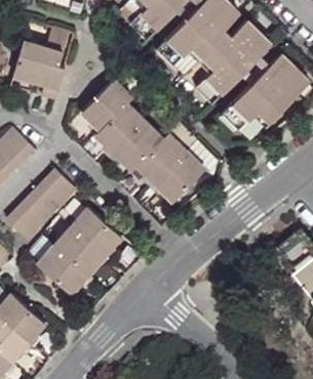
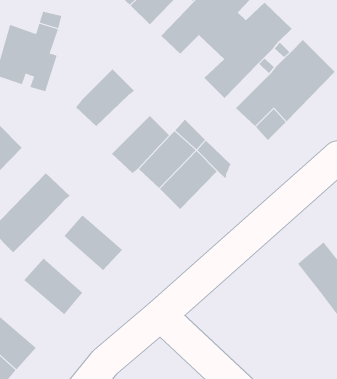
building: [94,101,147,153] -> none
building: [53,224,106,275] -> none

